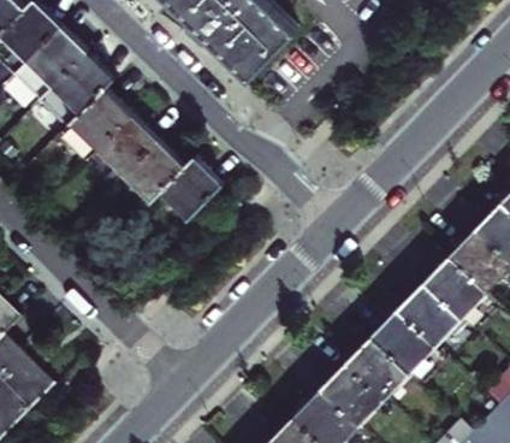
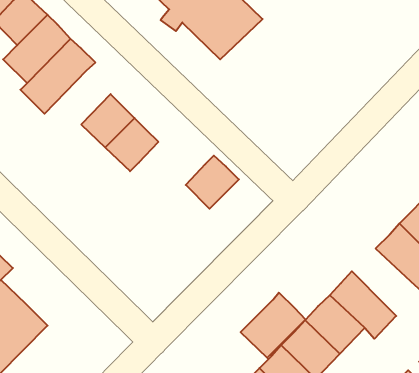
building: [54,89,127,163] -> none
building: [159,159,218,218] -> [186,156,239,209]
building: [395,287,459,350] -> none
building: none -> [241,293,306,358]

